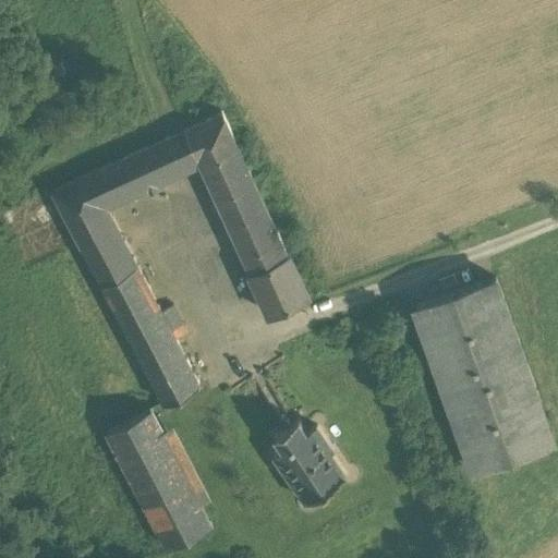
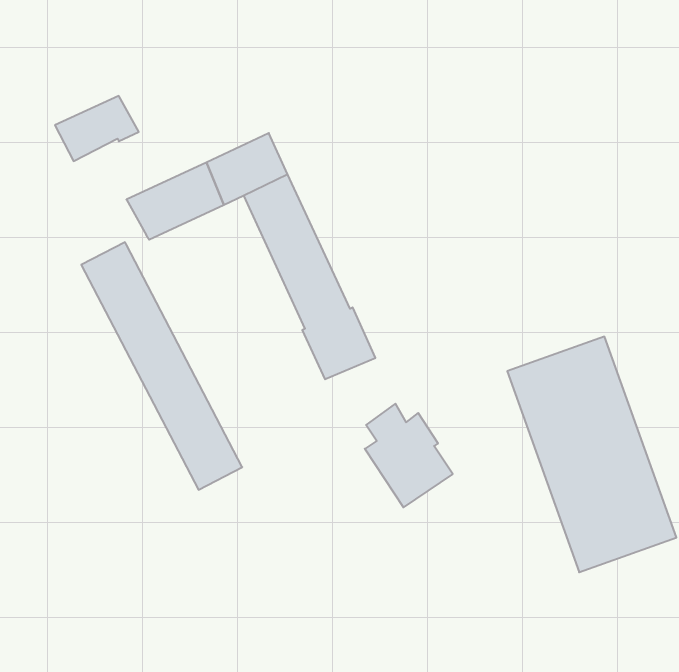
building: [51,170,120,223] -> [55,96,139,161]
building: [106,413,209,553] -> none
building: [272,423,344,508] -> [365,404,453,507]

